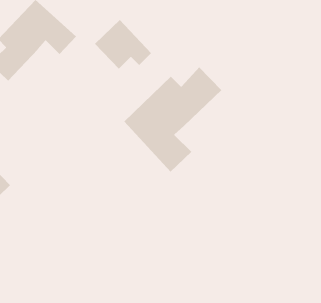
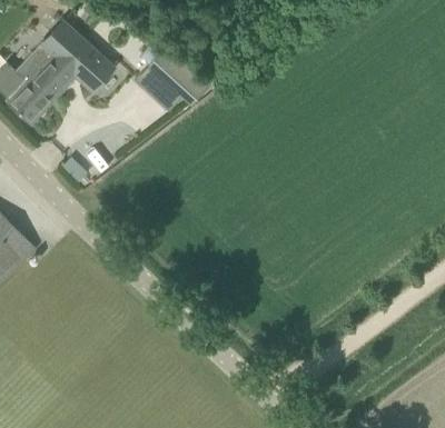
building: [124,66,222,172] -> none

